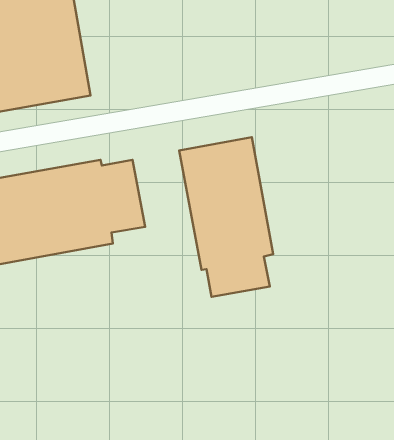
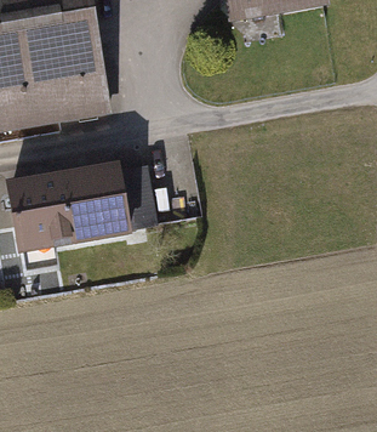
building: [179,137,273,297] -> none

